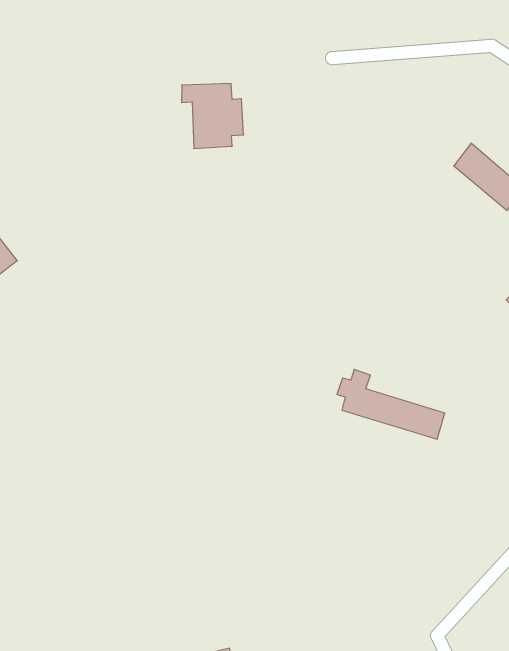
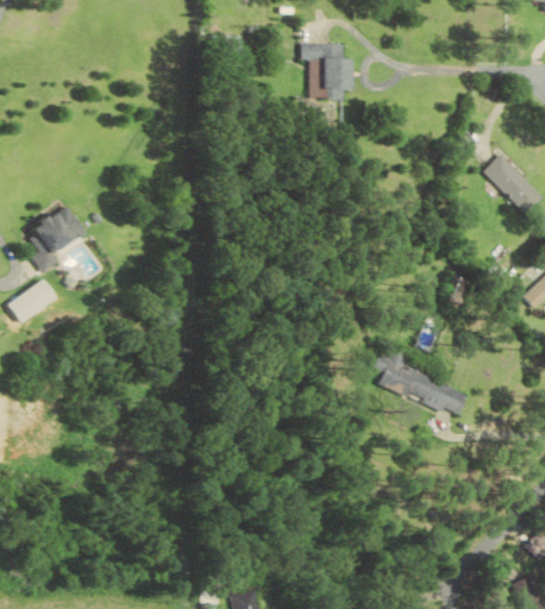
building: [182,83,244,148] -> [299,43,352,100]

